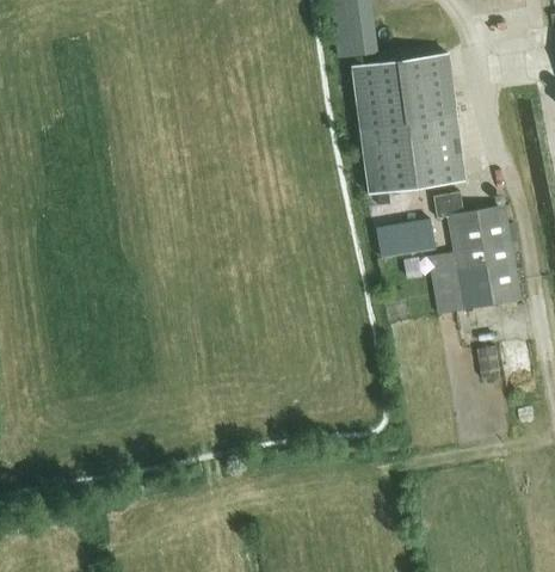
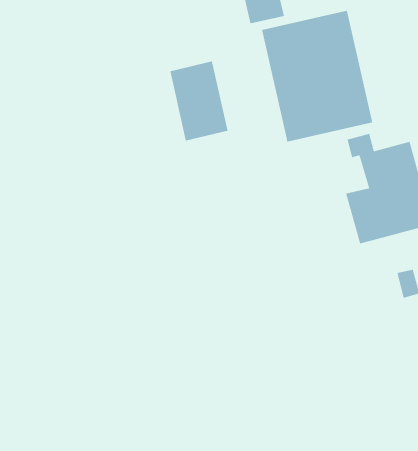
building: none -> [169,61,229,142]
building: [365,221,426,259] -> none

